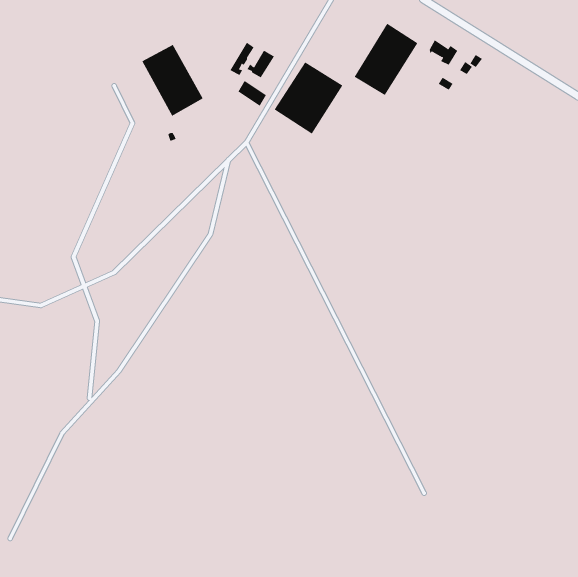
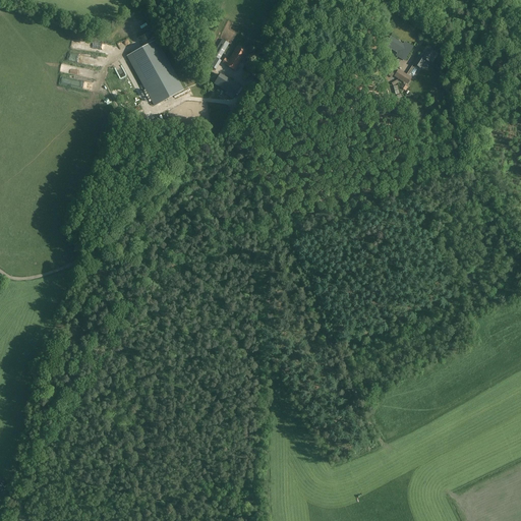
building: [354,23,418,96] -> none
building: [274,62,343,135] -> none

